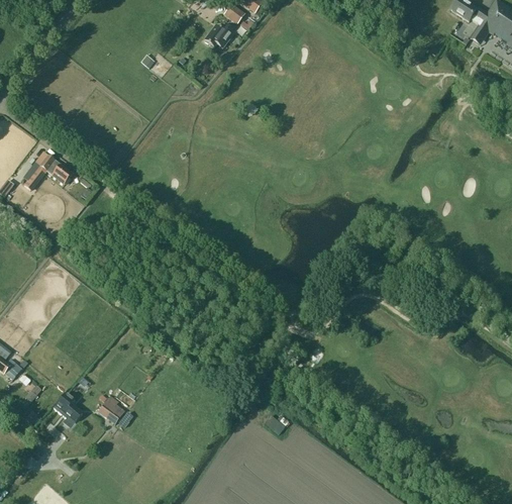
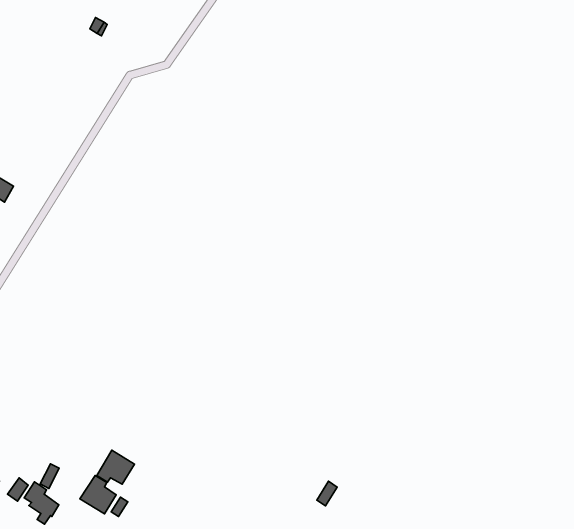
building: none -> [97,450,135,484]

